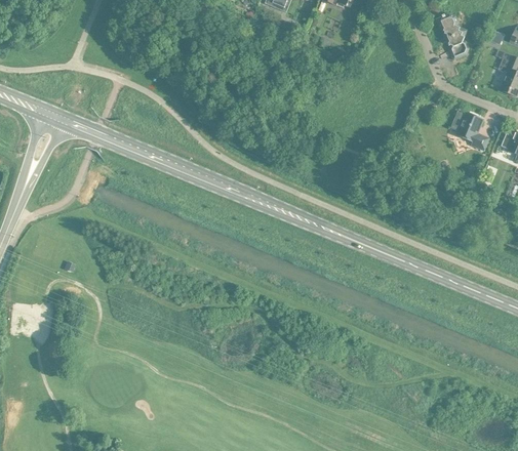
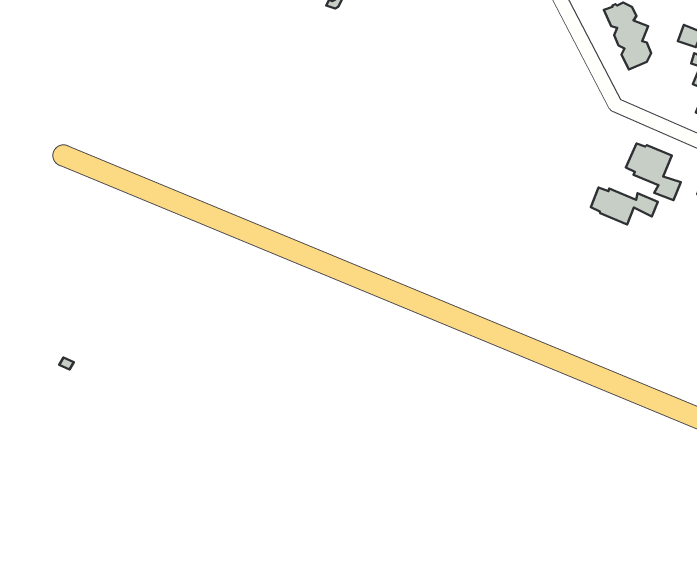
building: none -> [591,188,658,225]

